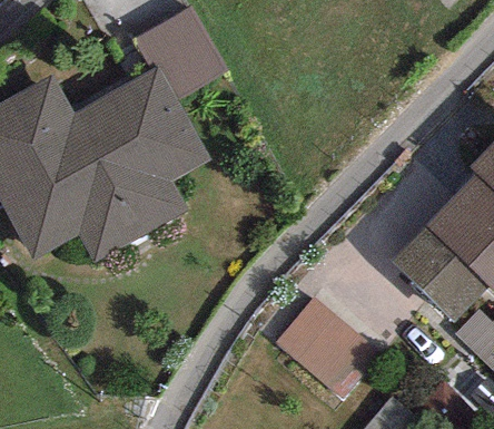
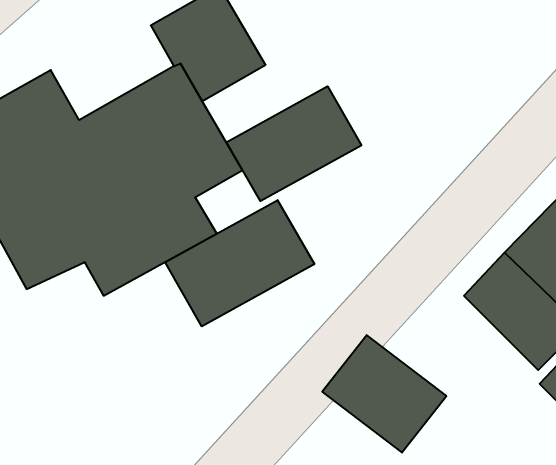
building: none -> [226,86,361,201]
building: none -> [165,200,314,326]

